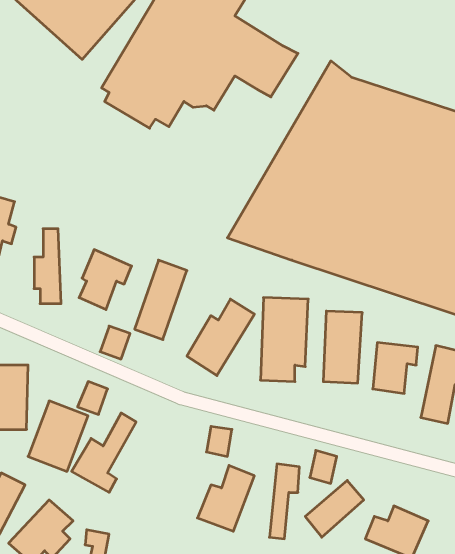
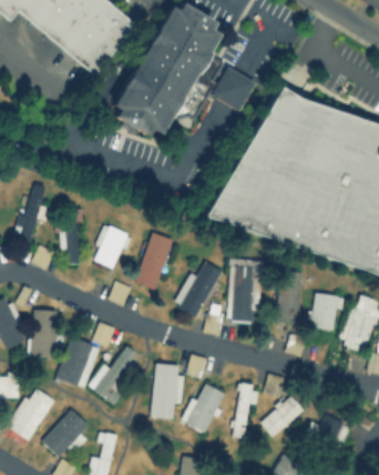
building: none -> [151,364,184,420]

